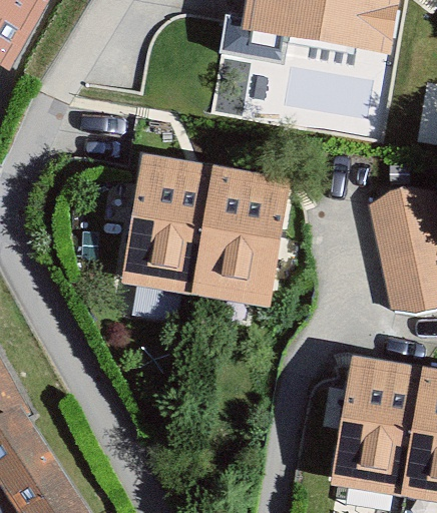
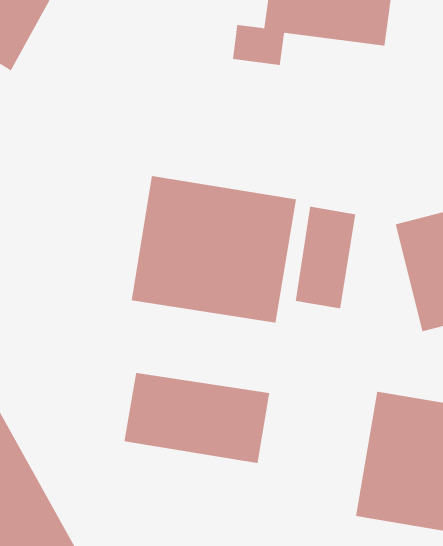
building: none -> [295,206,356,309]
building: none -> [124,372,270,464]

